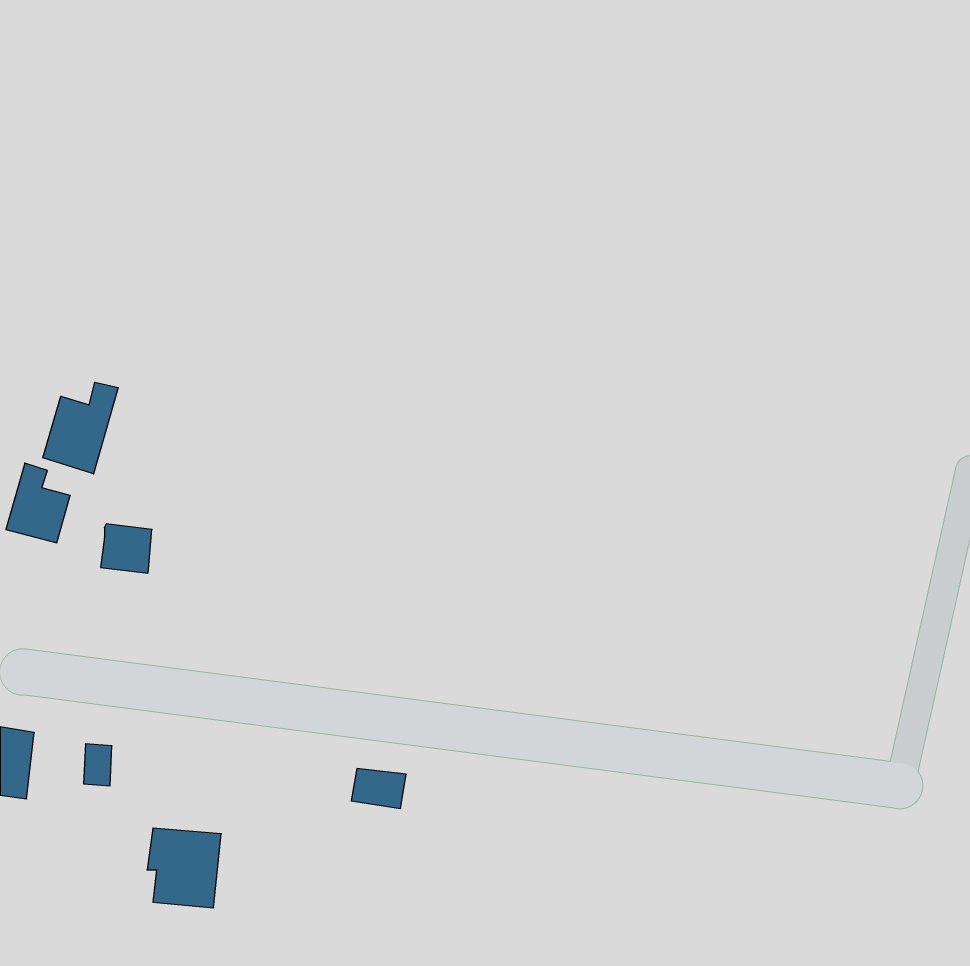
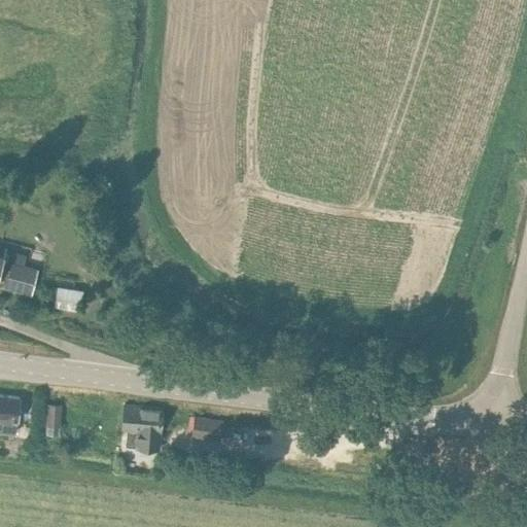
building: [43,382,118,474] -> none
building: [147,828,221,908] -> [121,408,162,451]

